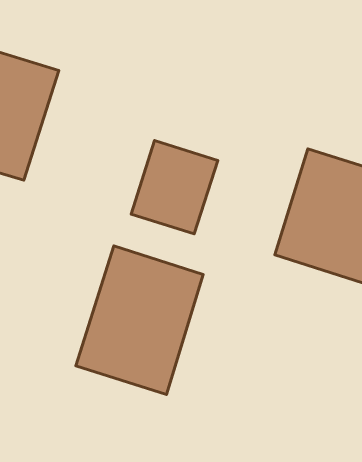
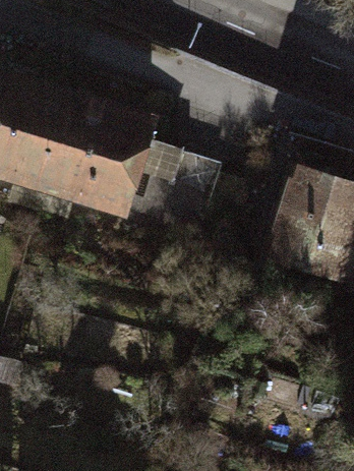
building: none -> [49,98,159,219]
building: [76,246,203,394] -> none

